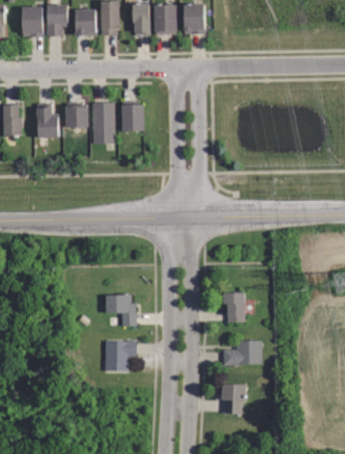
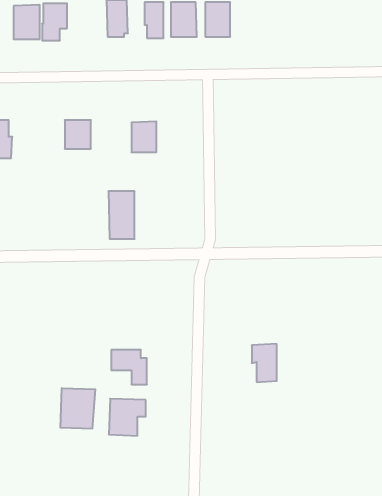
building: [74,8,95,35] -> none
building: [90,101,112,142] -> [108,191,135,239]
building: [36,105,57,138] -> none
building: none -> [60,388,95,429]
building: [223,339,261,366] -> none
building: [222,382,245,414] -> none

